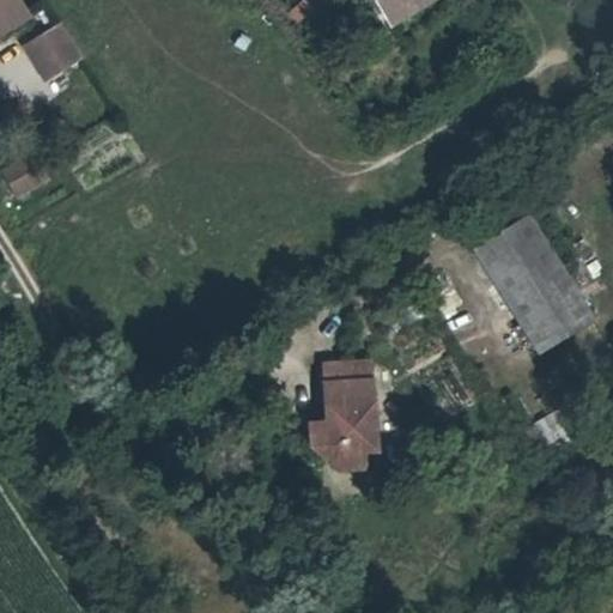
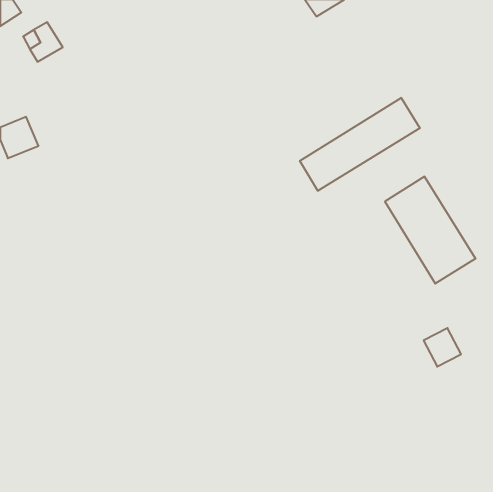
building: none -> [300,98,420,191]
building: [311,364,377,469] -> none

